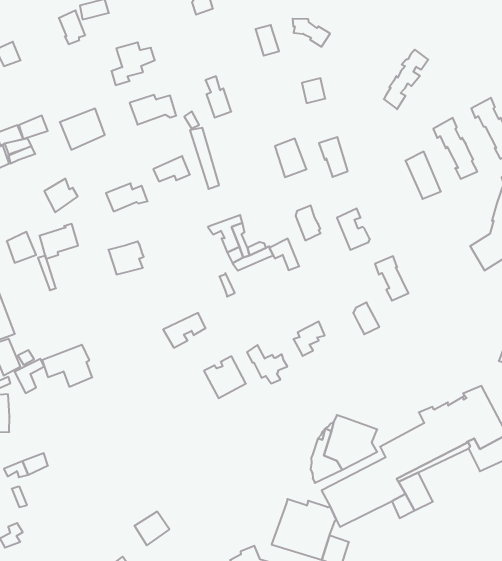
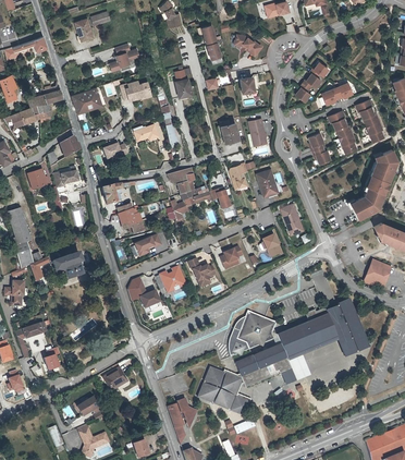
building: none -> [320,83,354,107]
building: none -> [116,203,147,234]
building: none -> [127,276,160,308]

